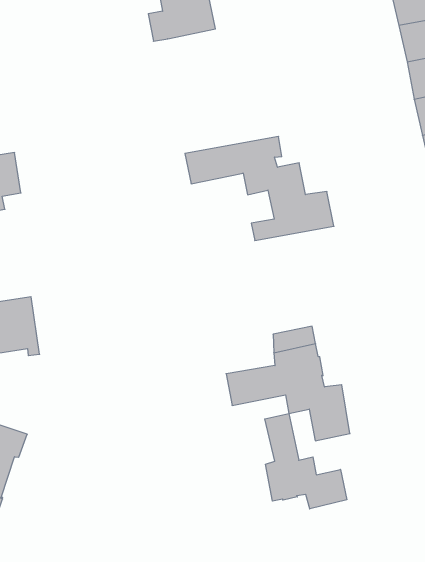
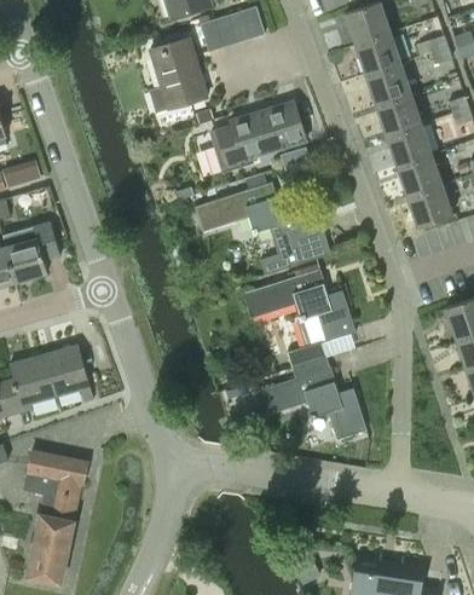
building: none -> [210,102,306,172]
building: none -> [243,268,354,340]
building: [265,414,347,509] -> none

